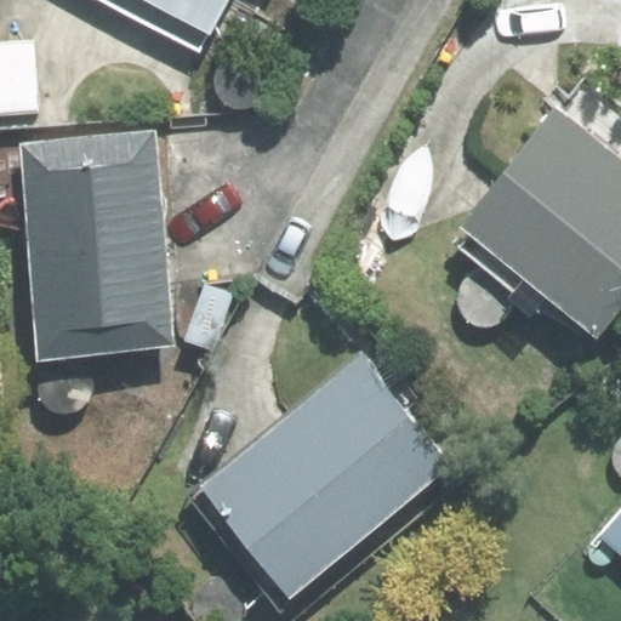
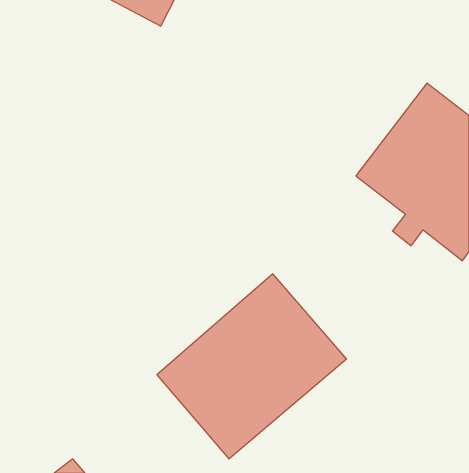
building: [18,131,170,360] -> none

